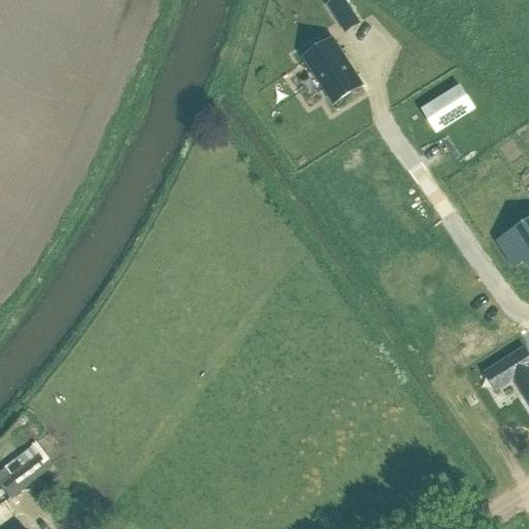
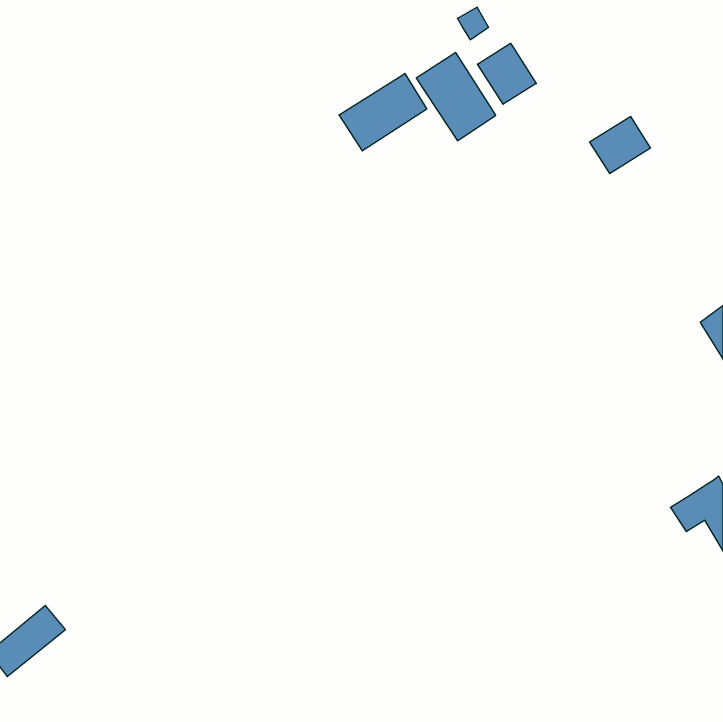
building: none -> [477,43,536,104]
building: none -> [339,73,427,151]

